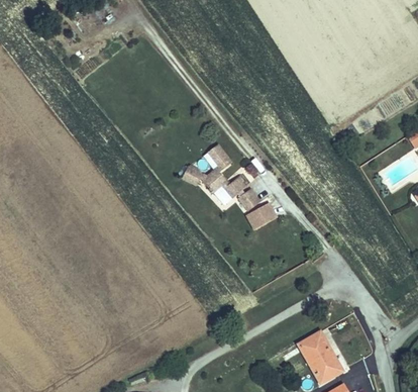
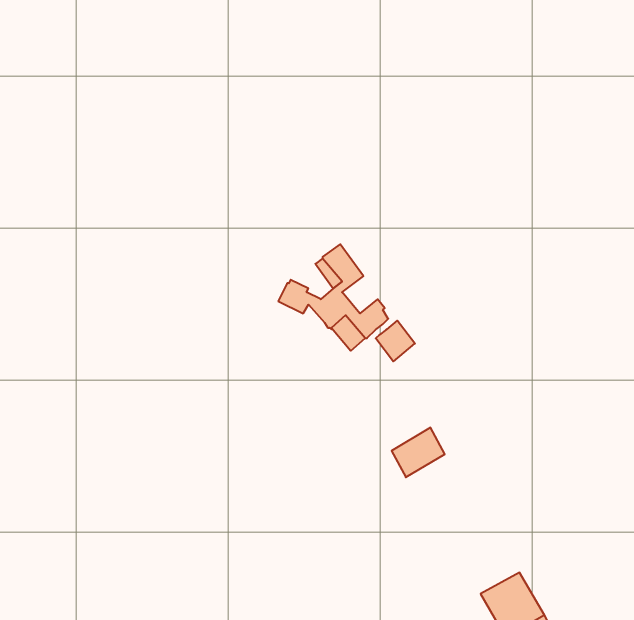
building: [246,202,277,230] -> [392,428,445,477]

